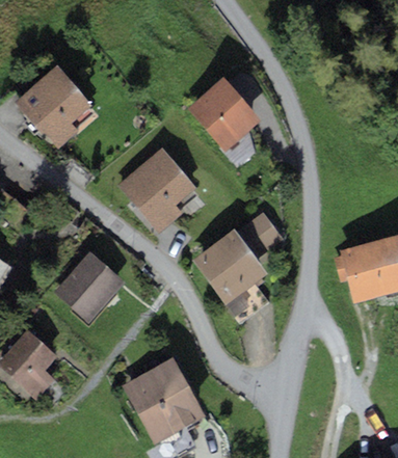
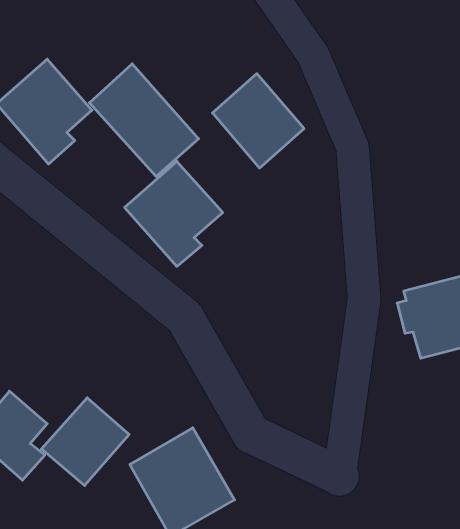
building: none -> [89,64,199,176]
building: [193,214,284,305] -> none
building: [54,253,124,323] -> [41,398,129,486]

